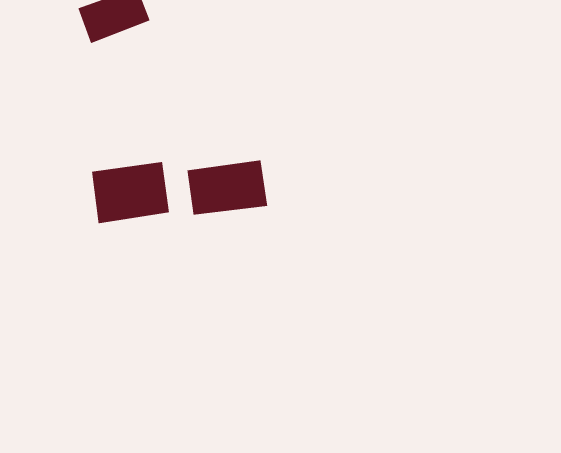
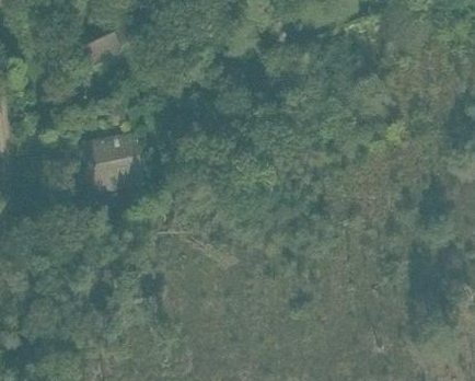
building: [187,159,268,216] -> none

